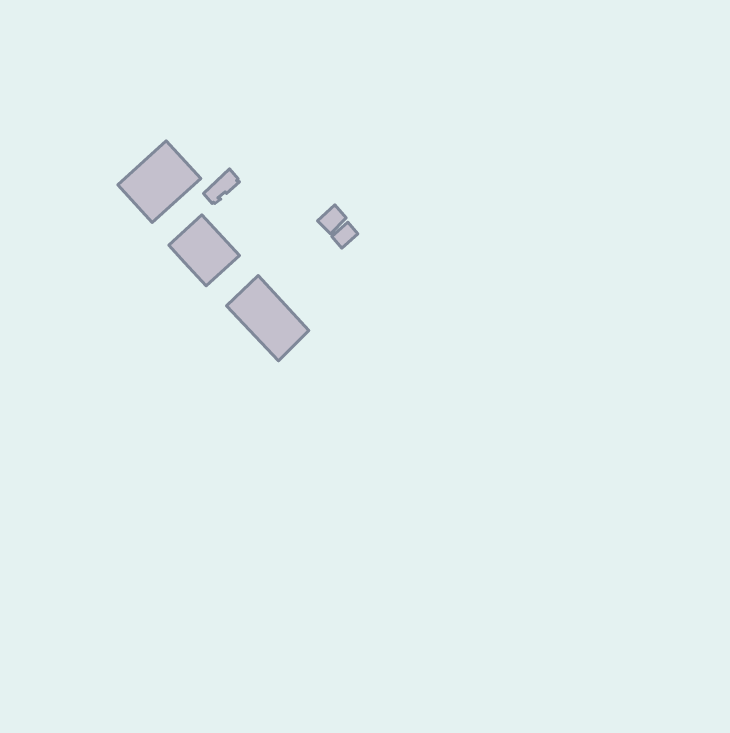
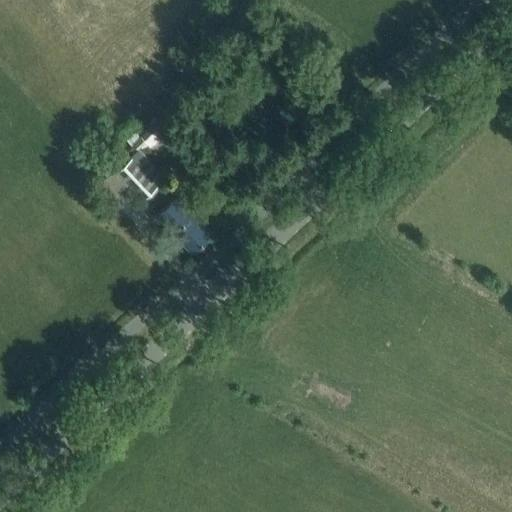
building: [118,141,201,222] -> none

